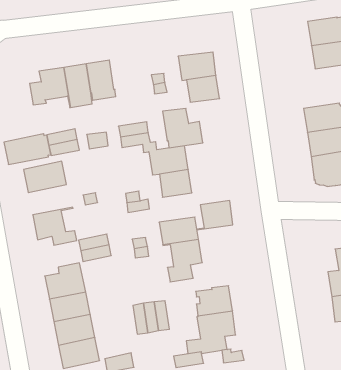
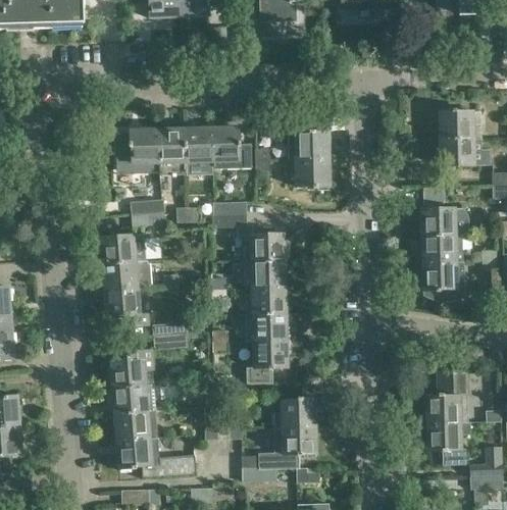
building: [163,108,203,148] -> [211,128,252,169]
building: [4,134,51,164] -> [102,261,153,291]
building: [197,201,233,230] -> [245,288,286,316]

